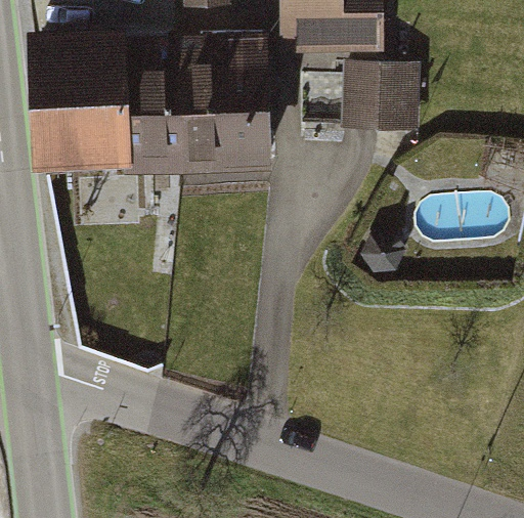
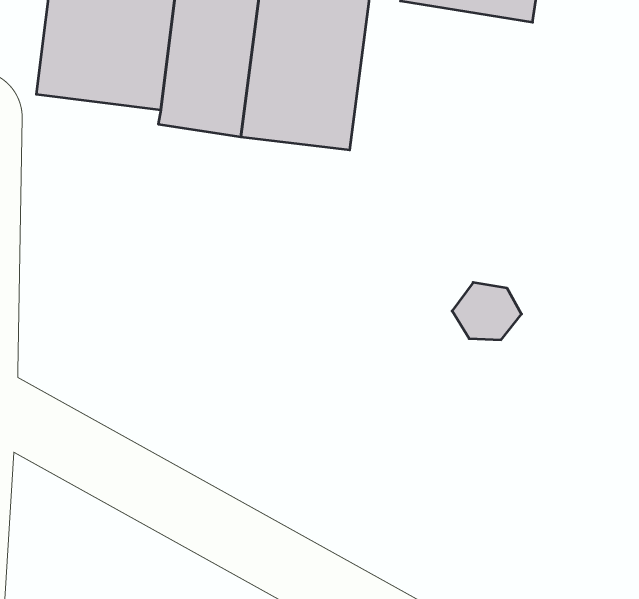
building: [343,63,416,131] -> none

